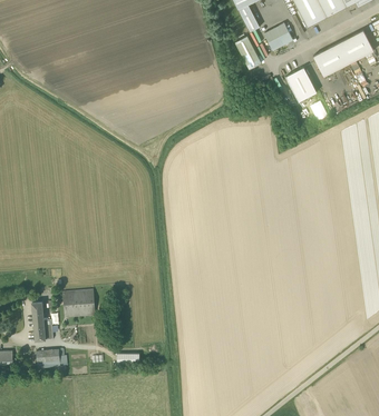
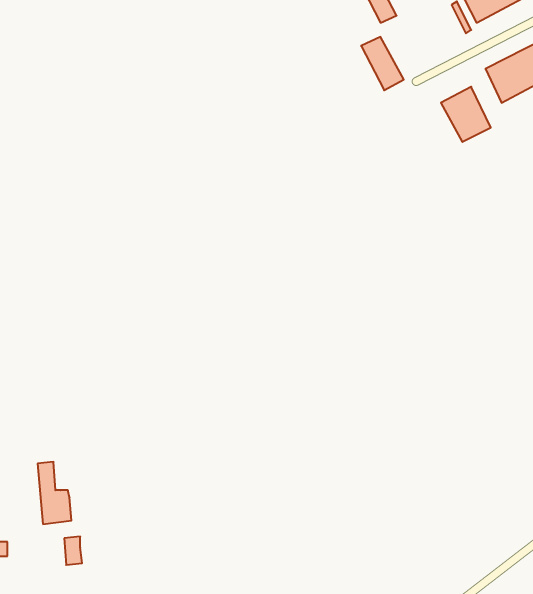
building: [264,22,293,50] -> none
building: [62,288,96,316] -> none

